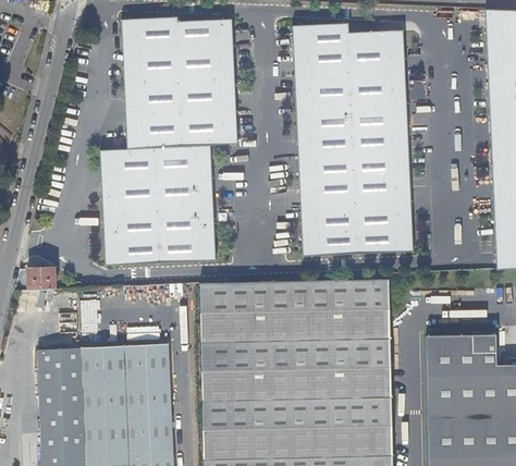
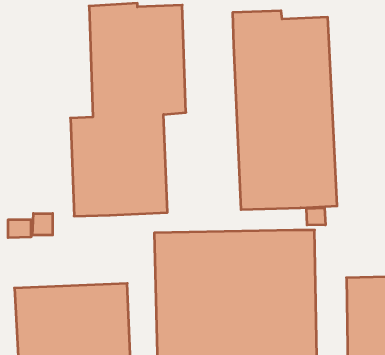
building: none -> [306,208,325,225]
building: none -> [32,213,53,235]

